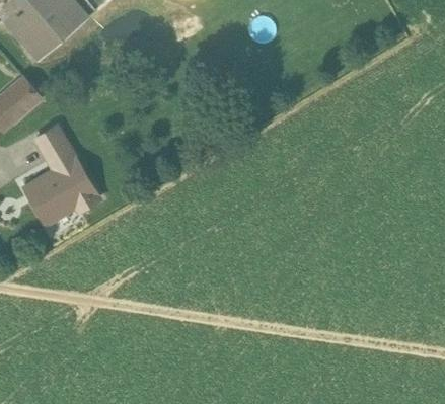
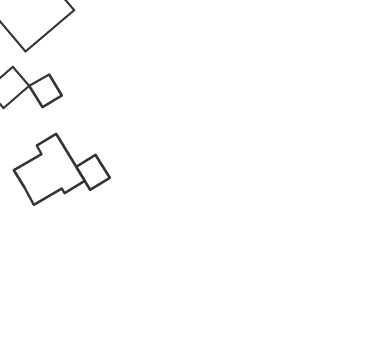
building: [35,126,70,160] -> [29,74,62,107]
building: none -> [76,155,110,190]

